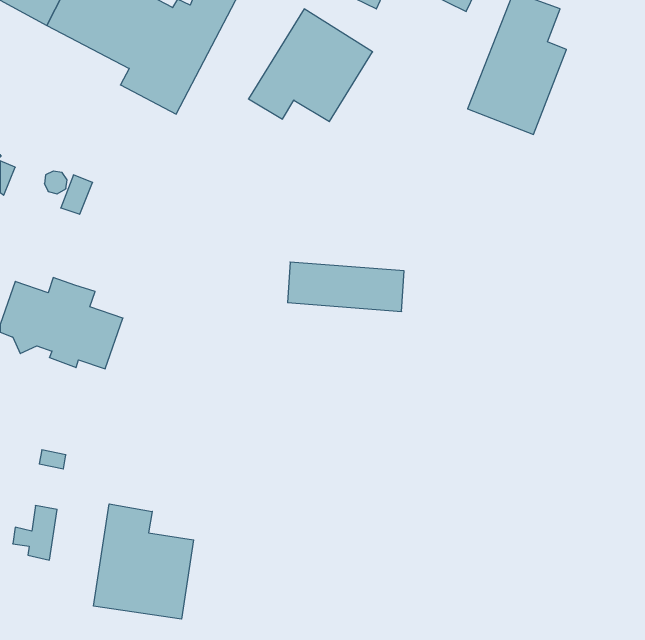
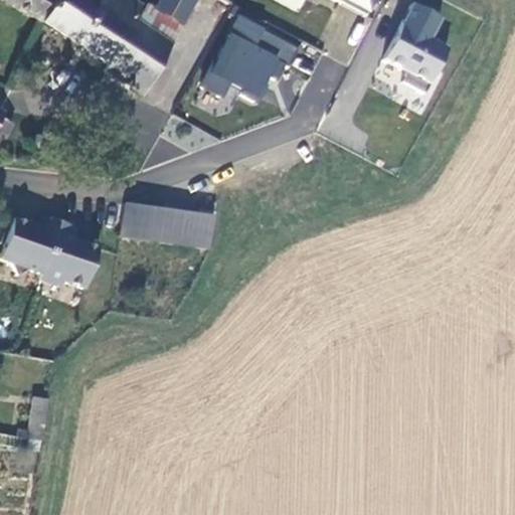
building: [288,262,404,311] -> [122,203,214,242]
building: [94,504,194,619] -> none

